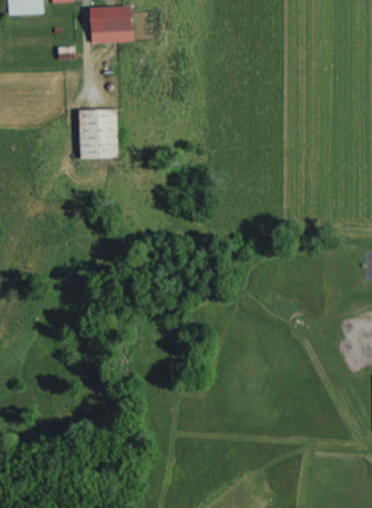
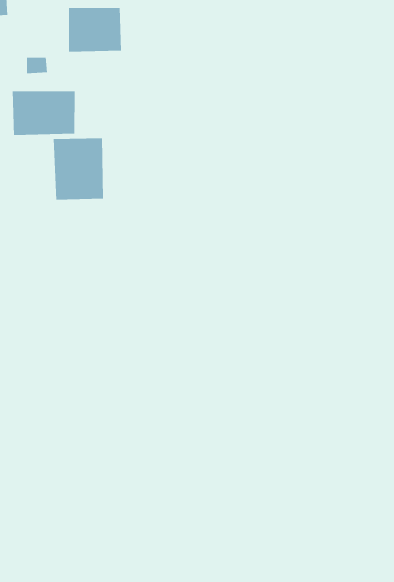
building: none -> [12,91,75,136]

